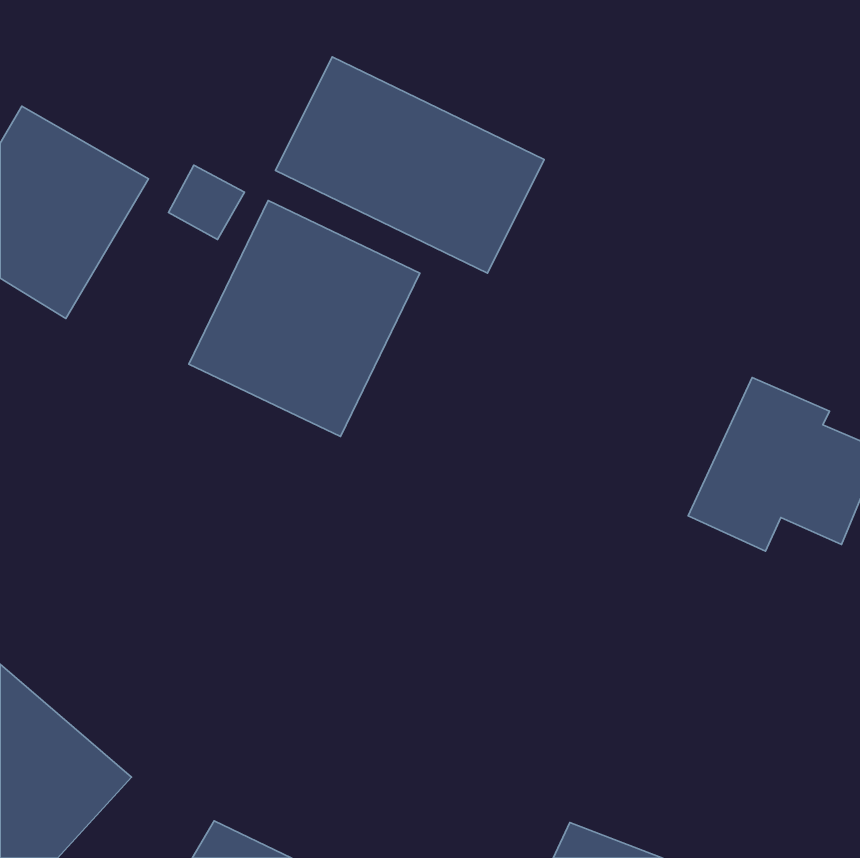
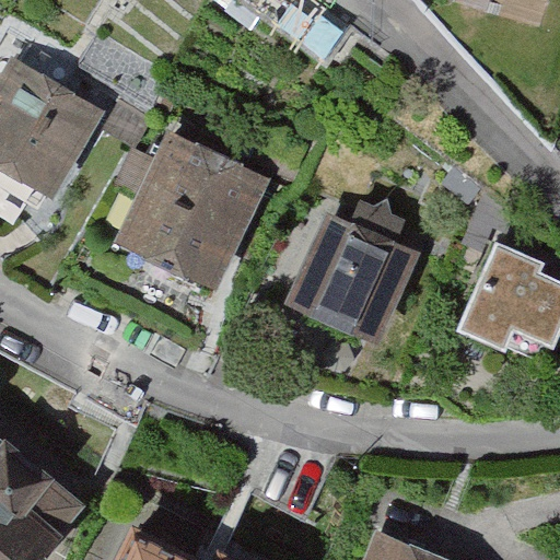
building: [276,57,544,273] -> none
building: none -> [275,201,412,351]

